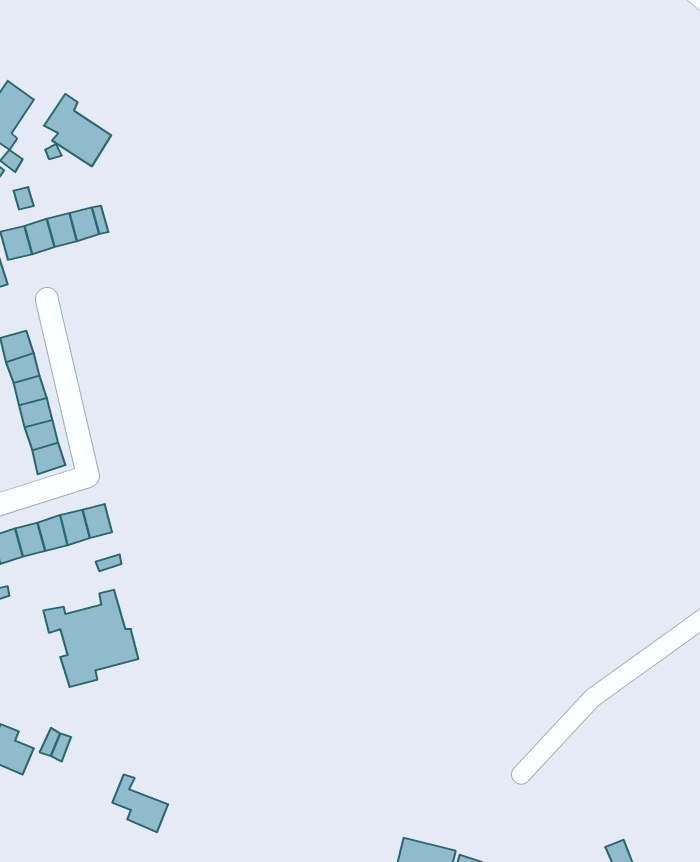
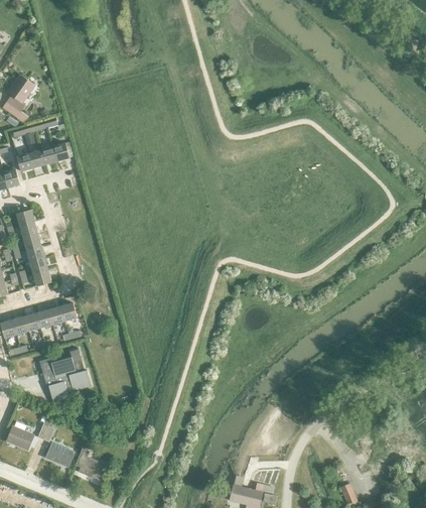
building: [44,94,111,166] -> none
building: none -> [45,443,73,468]

